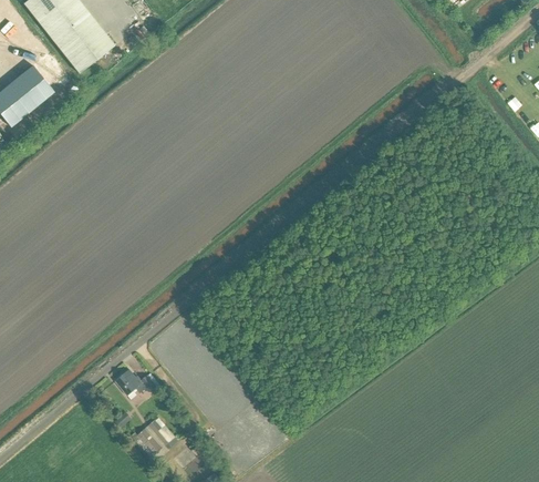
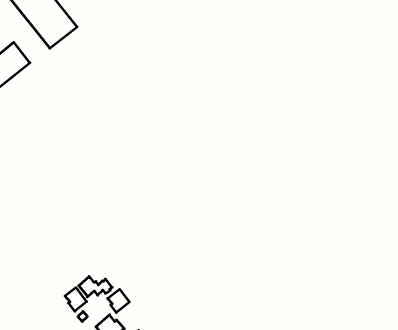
building: none -> [65,288,87,311]
building: none -> [108,289,129,313]

